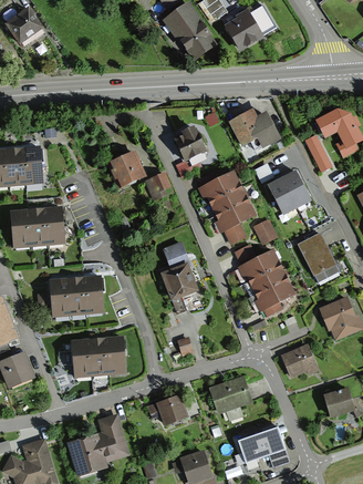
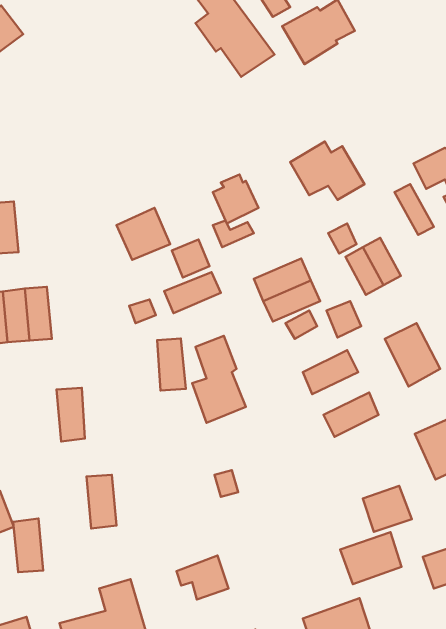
building: [198,173,238,202] -> [164,272,221,313]
building: [246,267,286,297] -> none
building: [84,277,104,313] -> [157,338,186,391]
building: [50,279,70,317] -> none
building: [105,337,126,374] -> none
building: [70,340,91,378] -> [13,519,43,572]
building: [208,378,251,414] -> [340,532,402,584]

